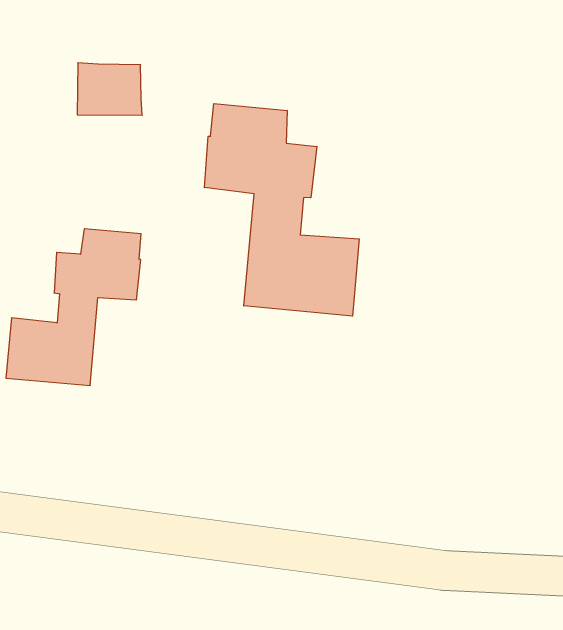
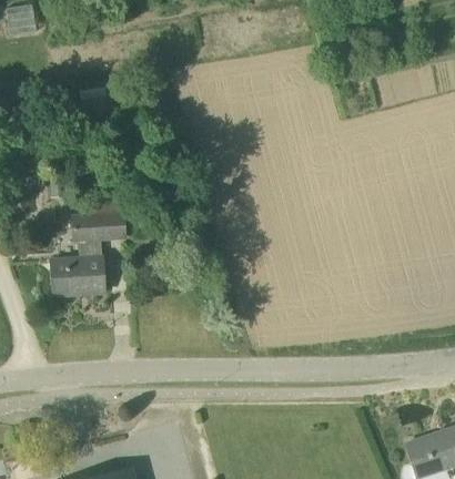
building: [204,104,359,316] -> none

